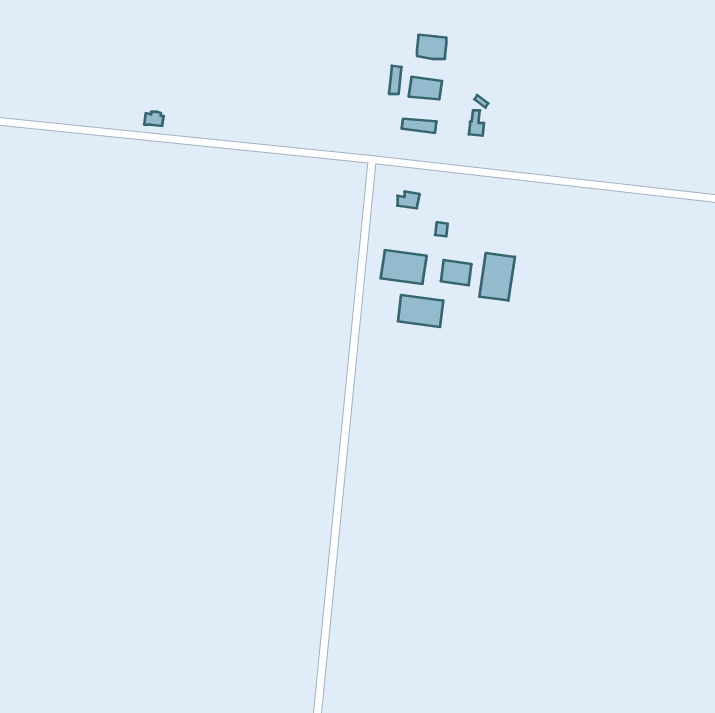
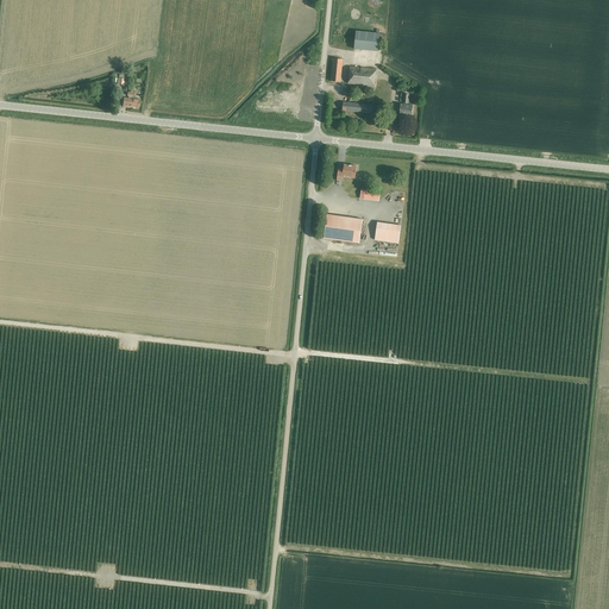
building: [479,253,515,301] -> none
building: [398,295,443,327] -> none

